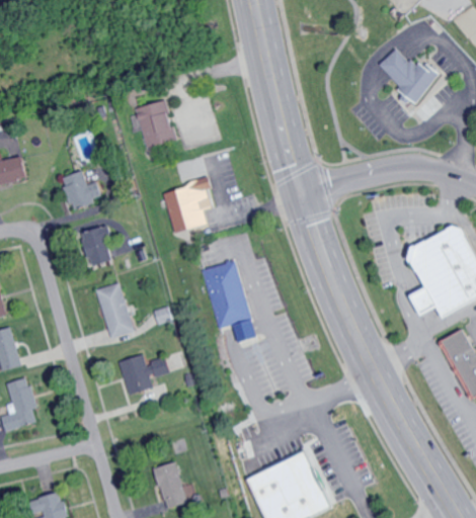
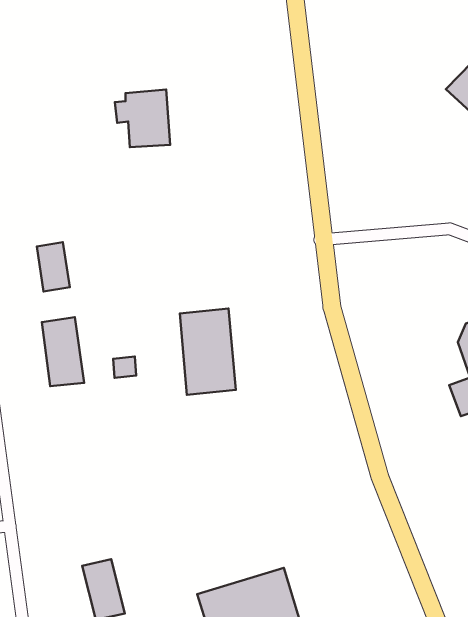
building: [62,171,101,210] -> none
building: [163,179,212,233] -> none
building: [120,354,171,397] -> none

